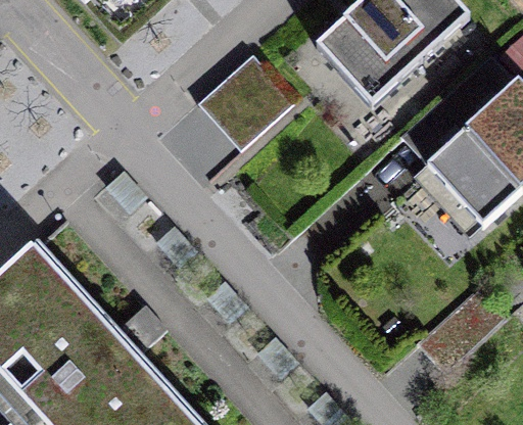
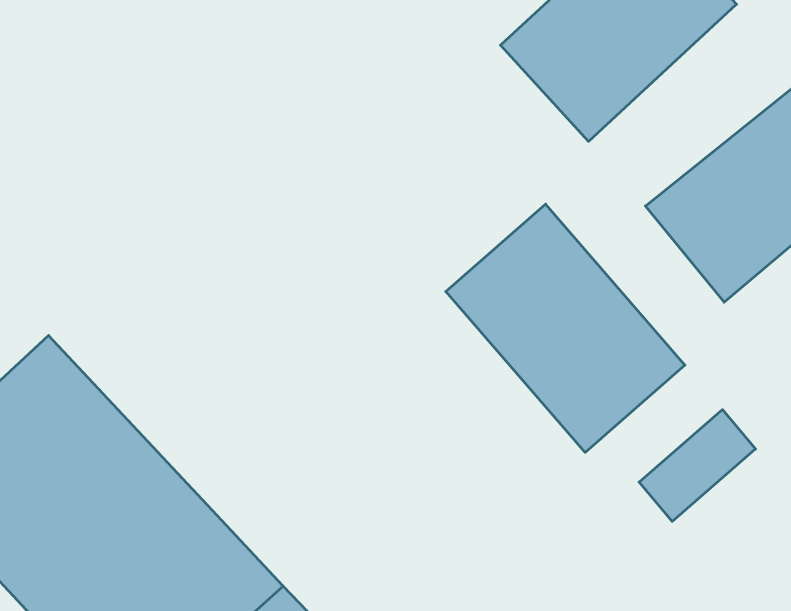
building: [198,50,288,139] -> none
building: none -> [446,204,685,452]

